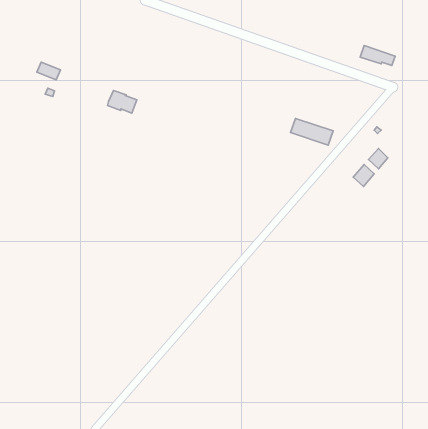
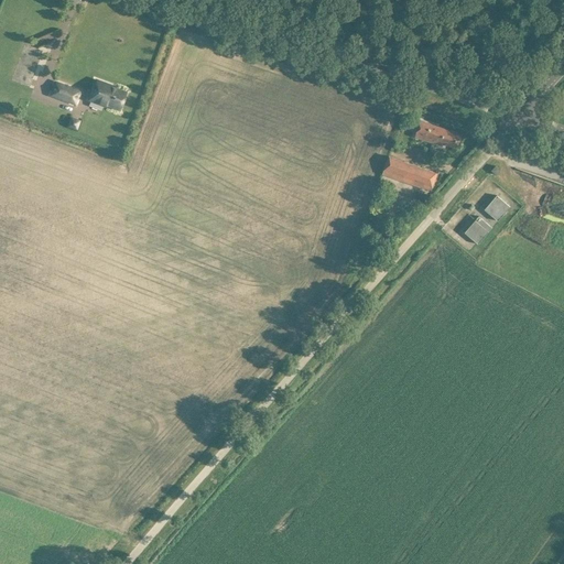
building: [360,45,395,66] -> [414,121,460,148]
building: [108,90,137,113] -> [87,80,126,110]

